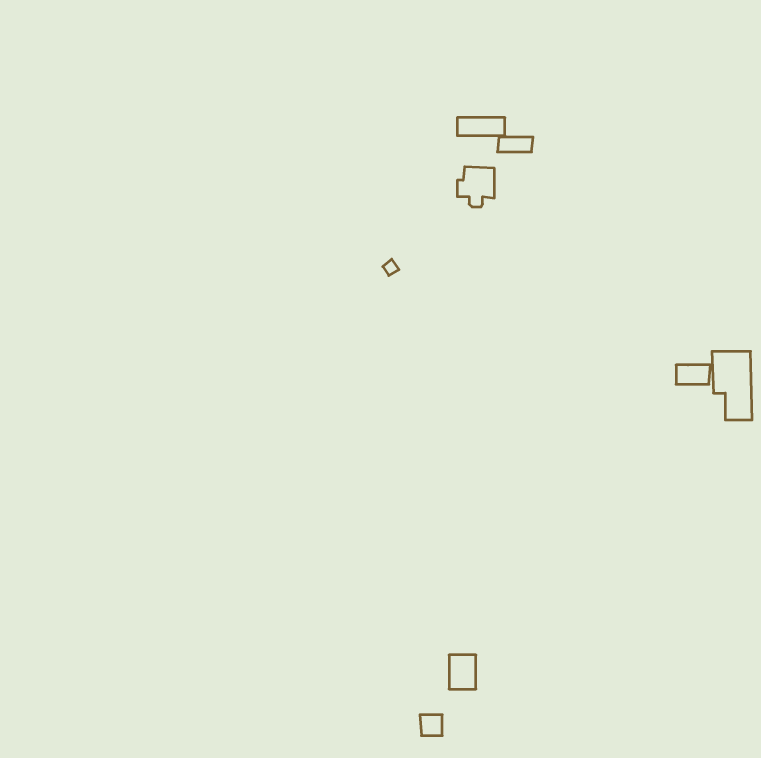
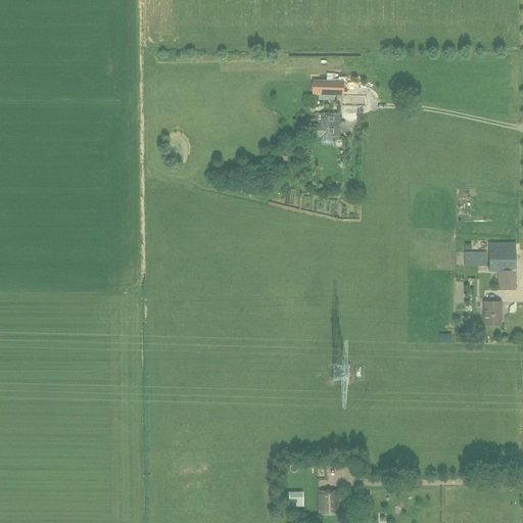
building: none -> [484,300,501,324]
building: [449,655,476,689] -> [319,489,337,513]

